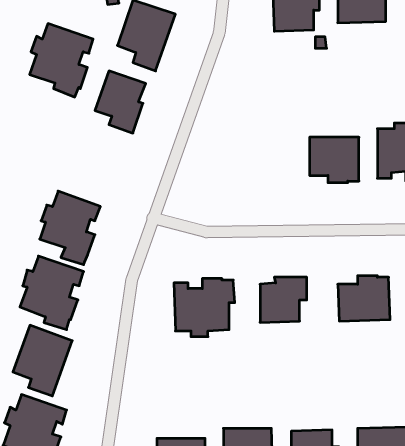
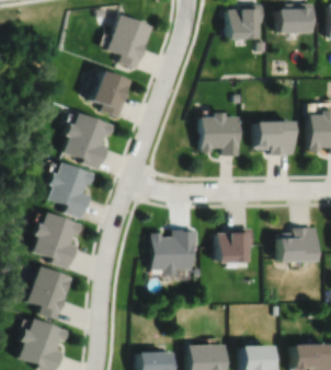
building: [30,24,93,97] -> [62,113,112,170]
building: none -> [199,112,239,155]

